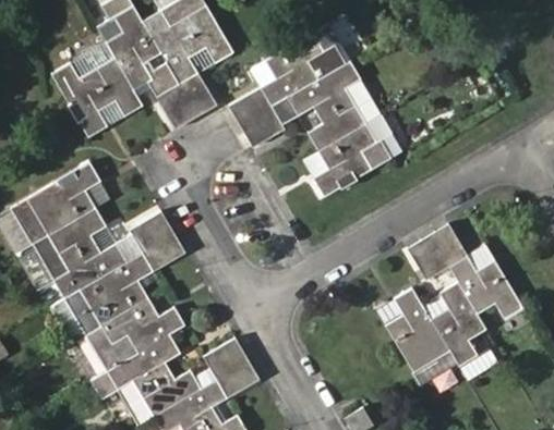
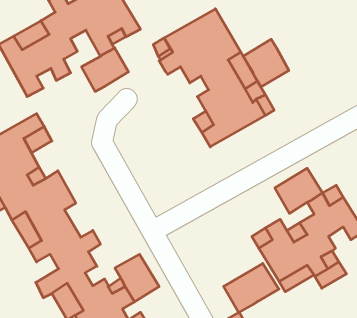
building: none -> [243,39,289,87]
building: [228,90,281,149] -> none
building: [128,211,183,272] -> none
building: none -> [224,263,279,313]

